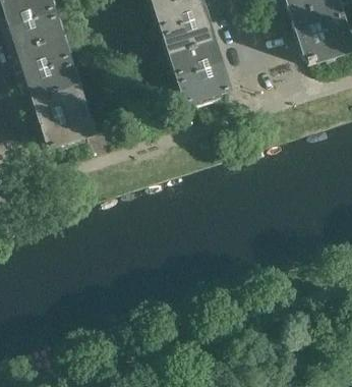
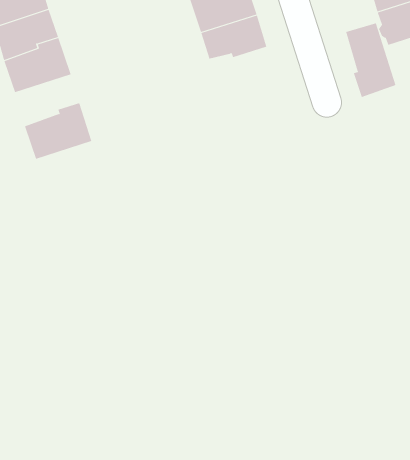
building: none -> [346,22,396,98]
building: [176,61,227,100] -> none
building: [34,81,81,119] -> none

